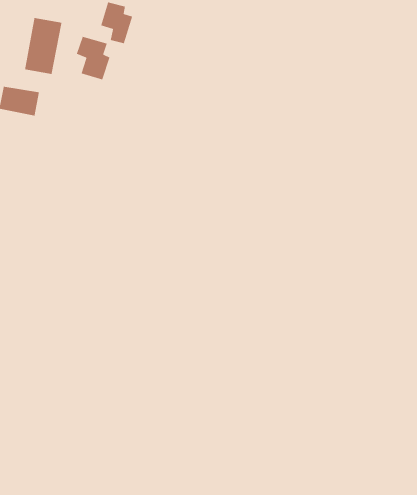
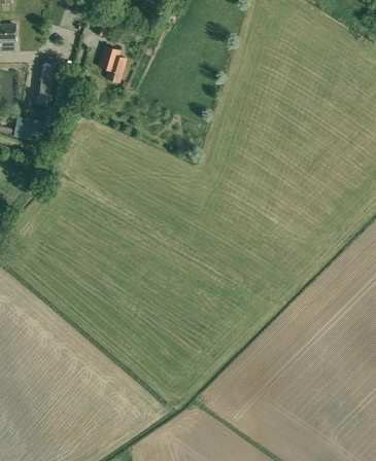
building: [76,36,110,80] -> none

